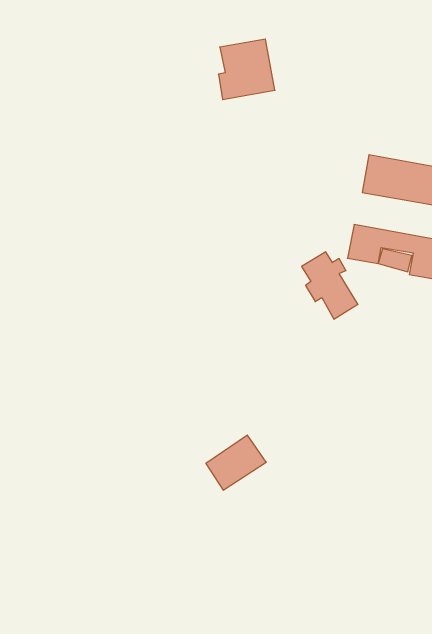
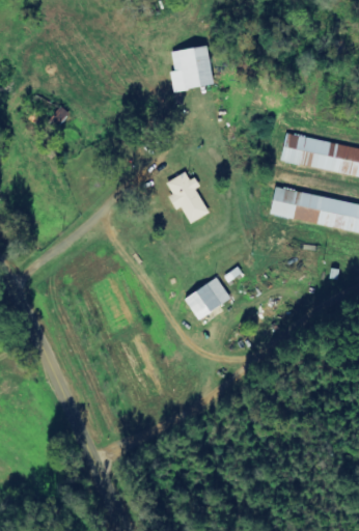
building: [302,252,358,319] -> [166,171,210,223]
building: [206,435,266,490] -> [185,277,231,319]

